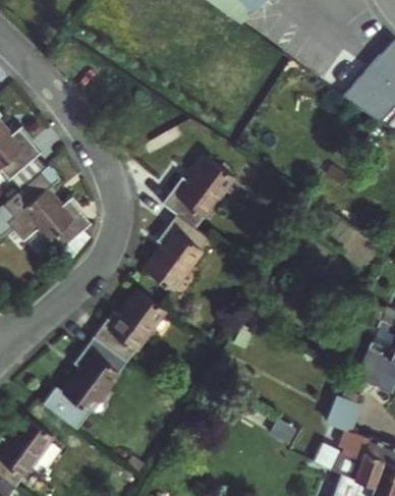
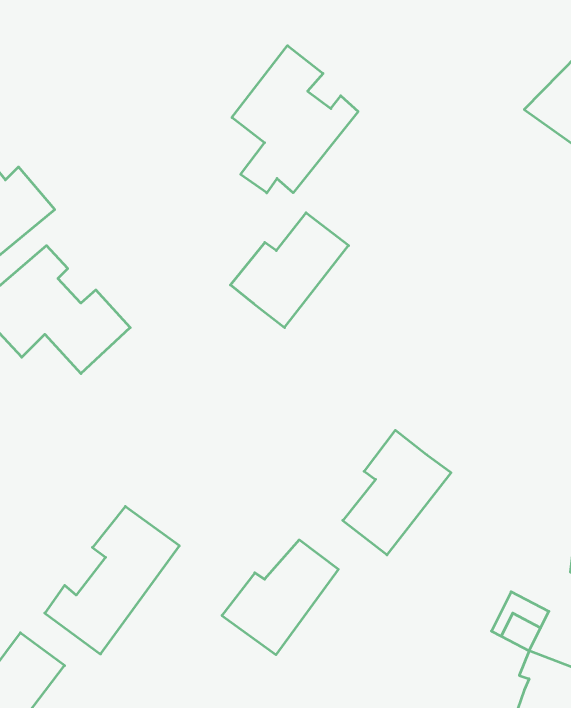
building: none -> [232,46,358,193]
building: [137,213,205,290] -> [343,430,451,555]
building: [91,292,163,364] -> [222,540,338,655]

